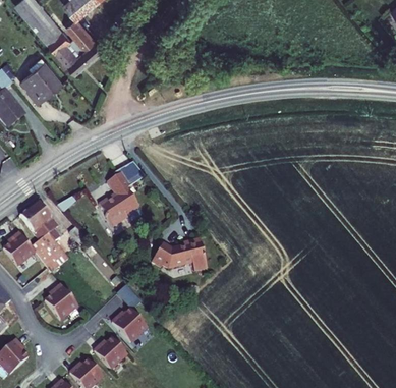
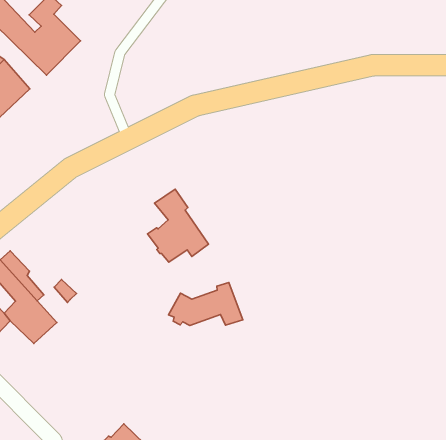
building: [98,171,143,225] -> [147,189,208,262]
building: [46,285,77,318] -> none
building: [111,308,147,341] -> none

